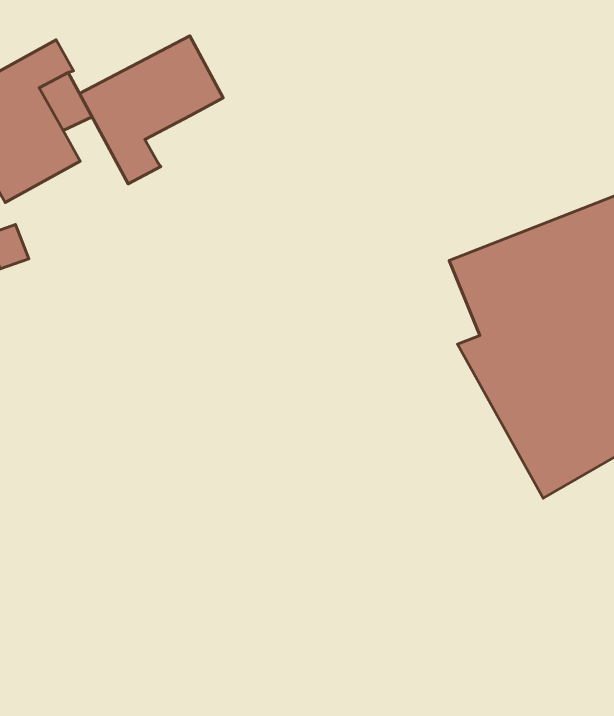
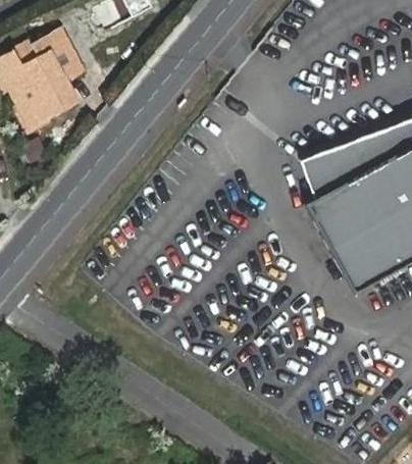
building: [80,36,223,184] -> none

